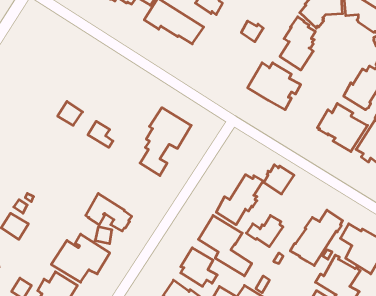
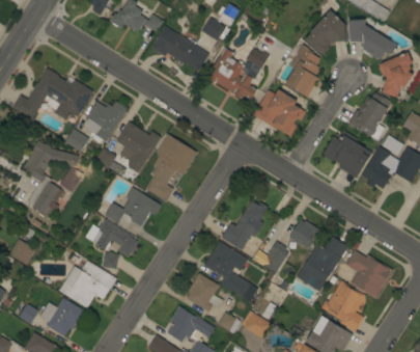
building: none -> [206,47,256,100]
building: none -> [11,67,93,119]
building: none -> [85,101,127,144]
building: none -> [116,121,161,172]
building: none -> [23,139,84,219]
building: none -> [96,187,161,229]
building: [264,165,294,194] -> [289,219,319,248]

